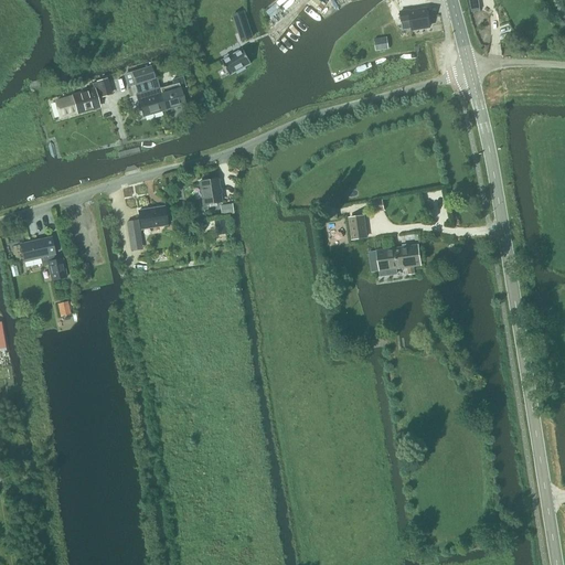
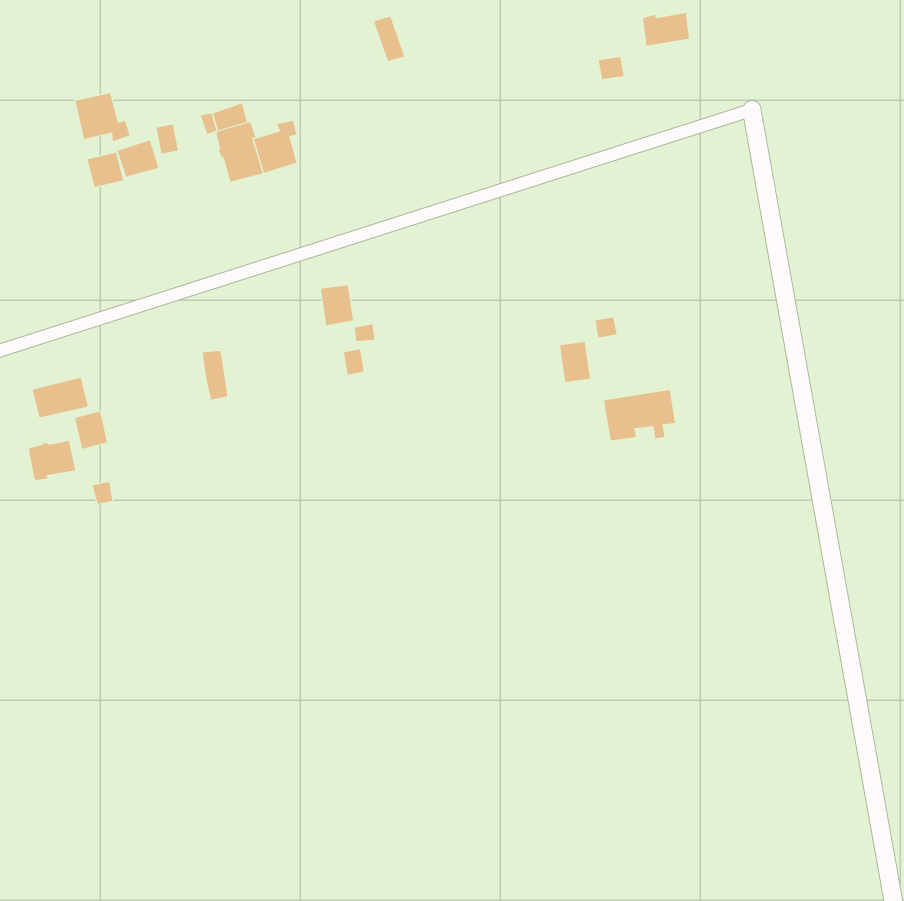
building: [222,46,252,74] -> none
building: none -> [75,92,130,142]
building: [139,205,168,227] -> none
building: none -> [28,440,76,481]

